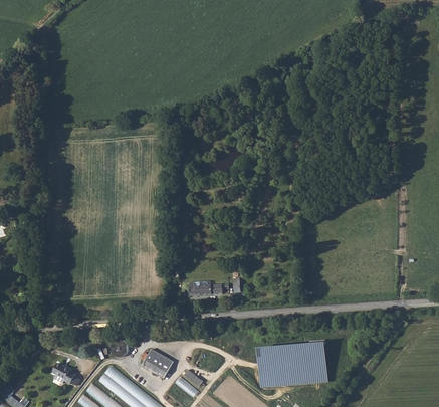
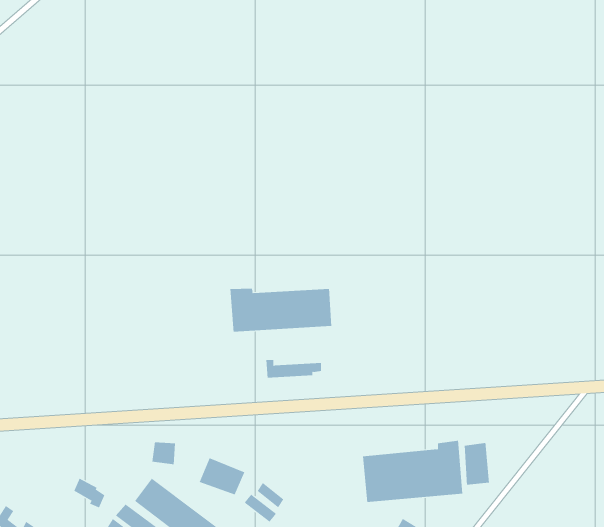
building: none -> [230,288,332,333]
building: none -> [464,442,490,485]

